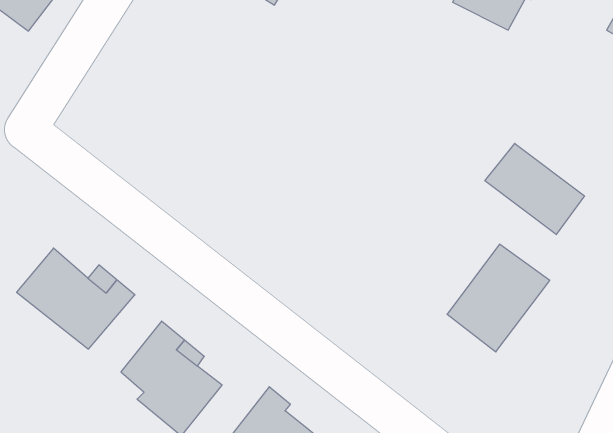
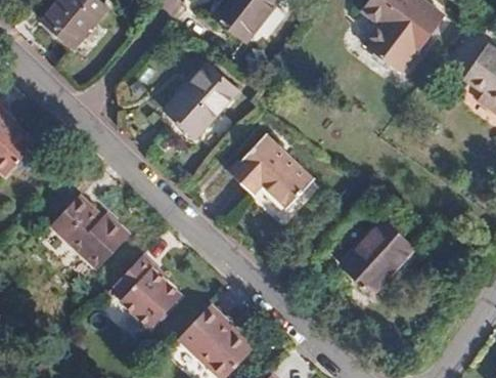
building: none -> [165,69,234,142]
building: none -> [231,136,314,210]
building: [485,143,584,235] -> none

